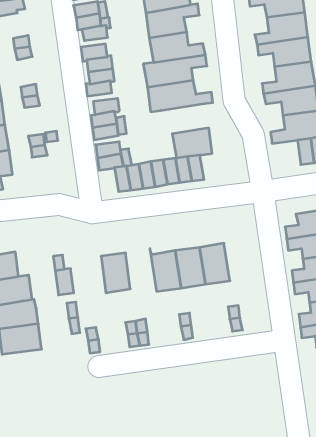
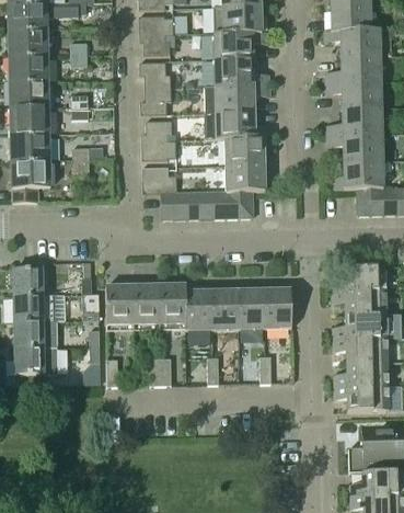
building: none -> [224,138,264,166]
building: none -> [264,288,291,329]
building: none -> [159,284,186,330]
building: none -> [105,285,132,324]

